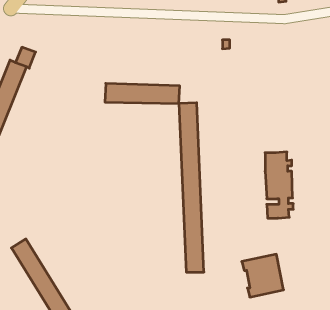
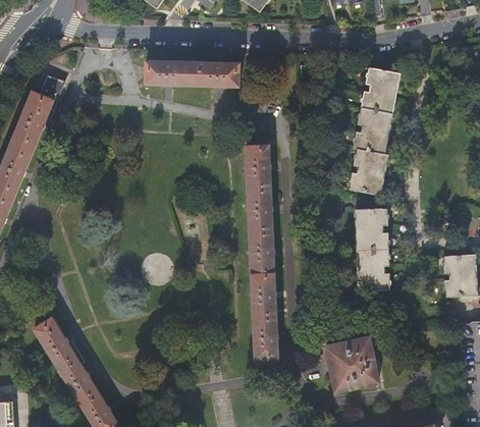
building: none -> [351,66,401,195]
building: [105,83,180,104] -> [145,60,239,86]

